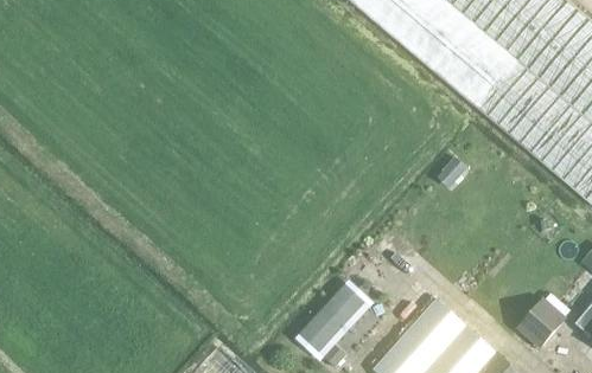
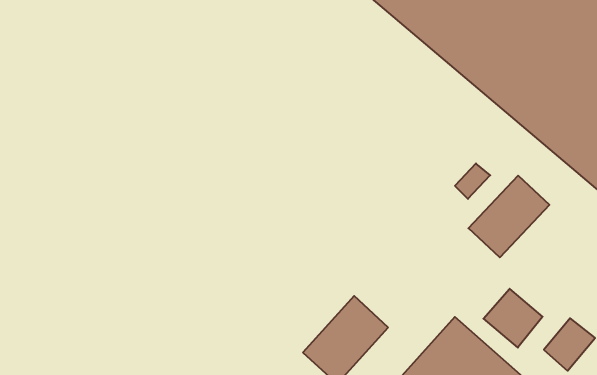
building: none -> [468,176,549,257]
building: none -> [483,289,543,348]

